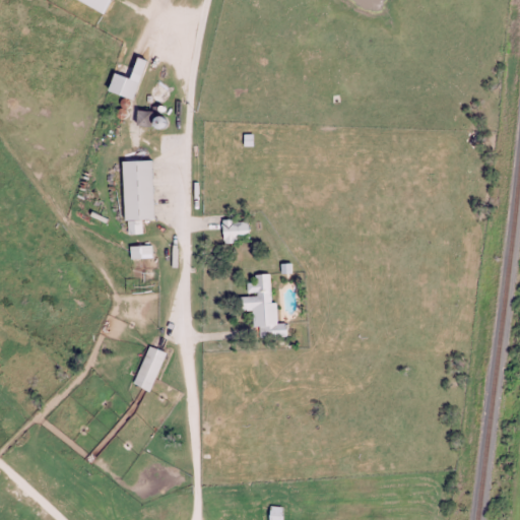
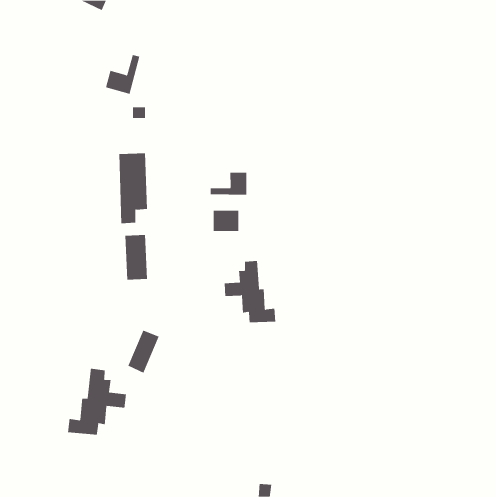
building: none -> [210,172,247,195]
building: none -> [68,368,127,435]

